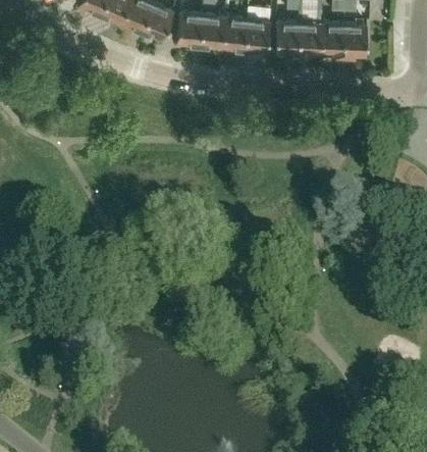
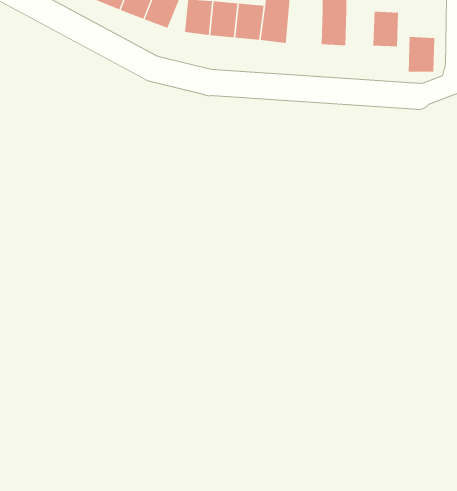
building: [274,20,298,52] -> none
building: [319,21,343,53] -> [408,37,435,72]

